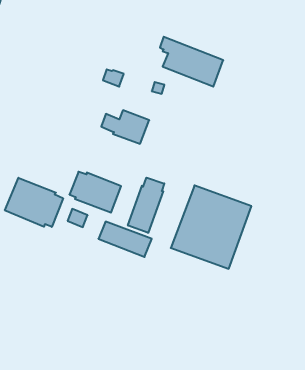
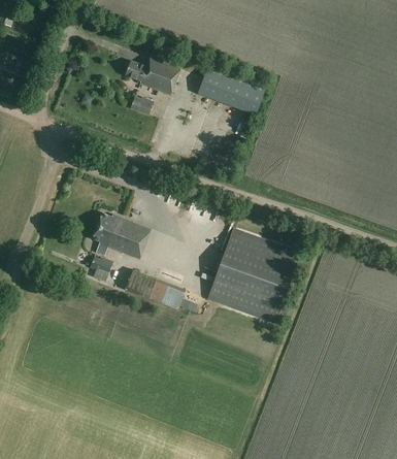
building: [101,110,149,144] -> [125,56,179,94]
building: [128,178,164,233] -> none
building: [5,178,63,227] -> none

